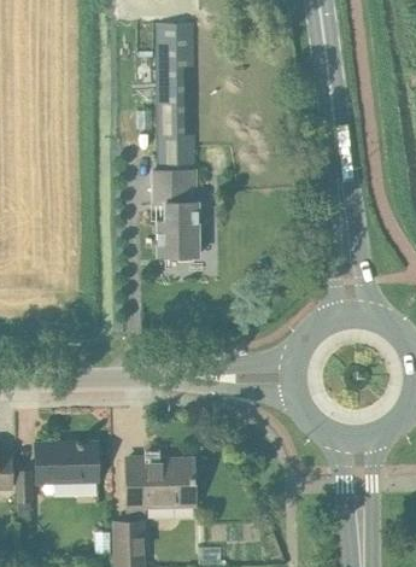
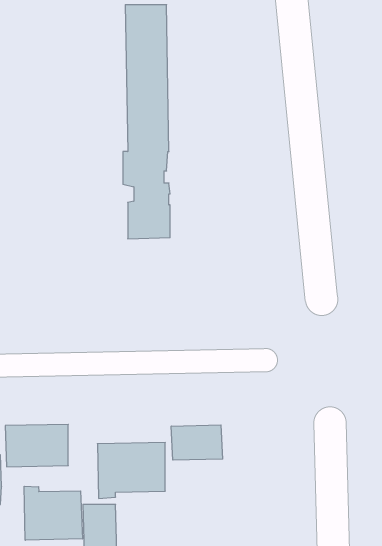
building: none -> [171,425,223,460]
building: none -> [24,486,82,540]

